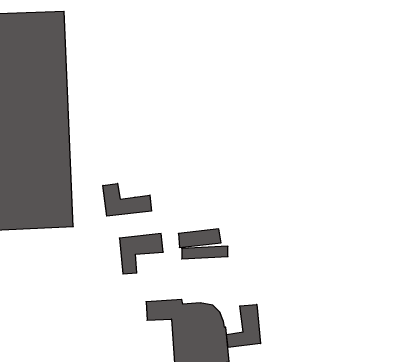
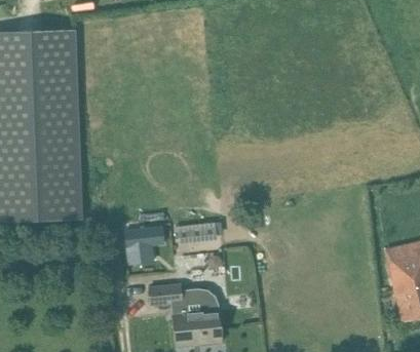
building: [103,183,151,216] -> none
building: [226,304,261,347] -> none

